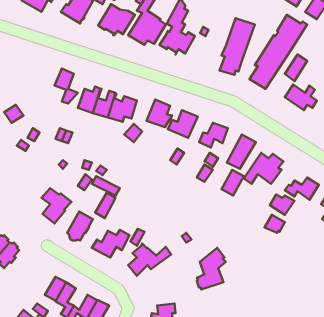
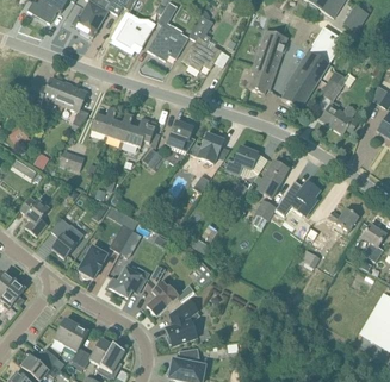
building: none -> [26,77,73,105]
building: none -> [20,196,49,236]
building: [197,248,226,290] -> [167,299,199,345]

